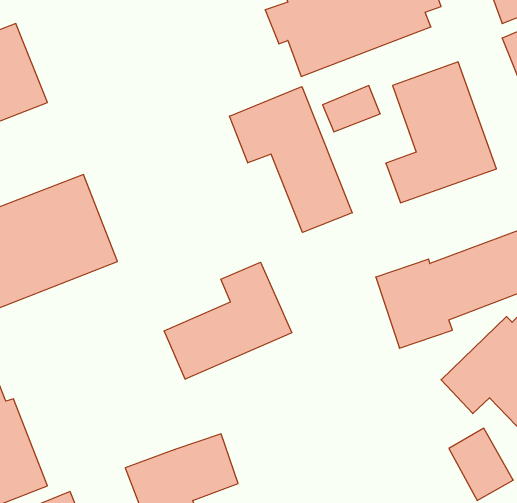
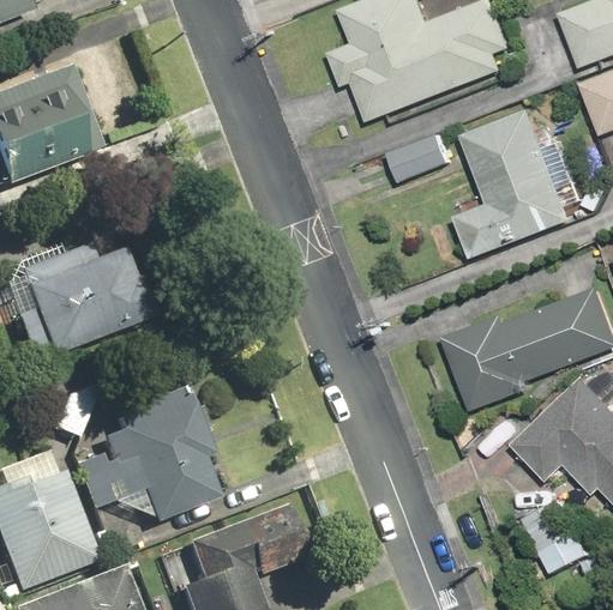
building: [229,87,352,232] -> none
building: [164,262,292,379] -> none
building: none -> [66,387,235,524]

